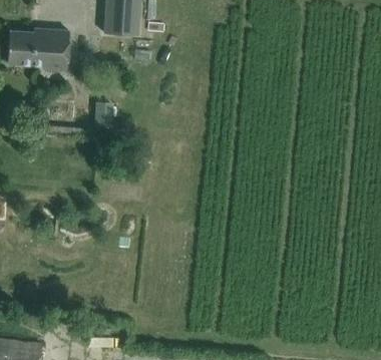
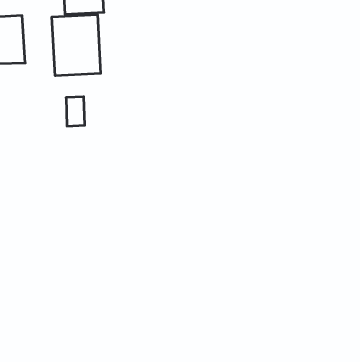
building: none -> [52,14,101,76]

